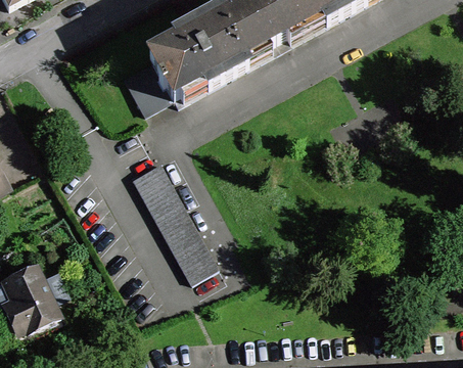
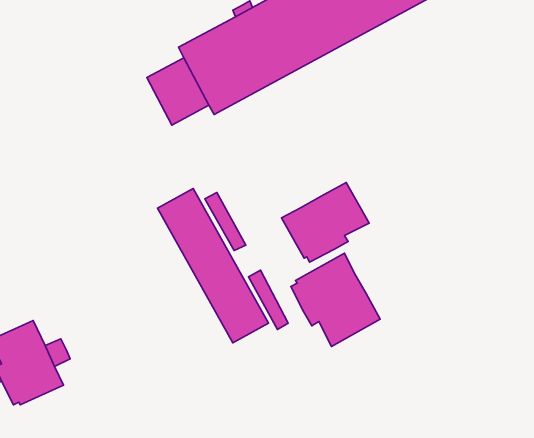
building: none -> [281,182,369,262]
building: none -> [291,253,380,347]

